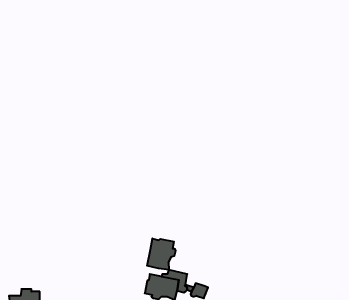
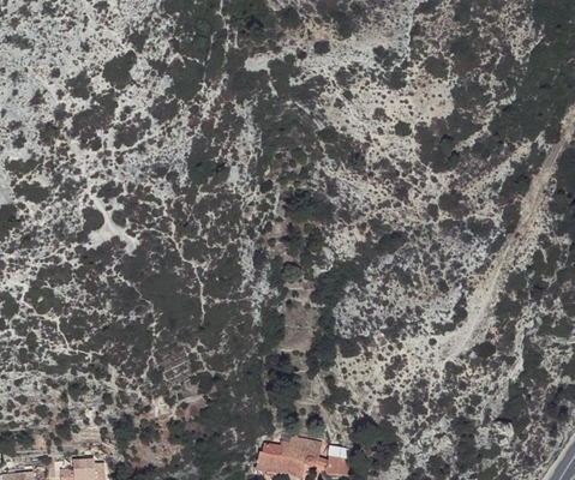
building: [147,238,176,270] -> none

